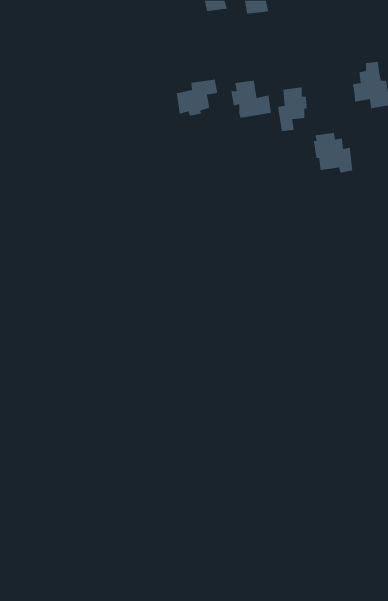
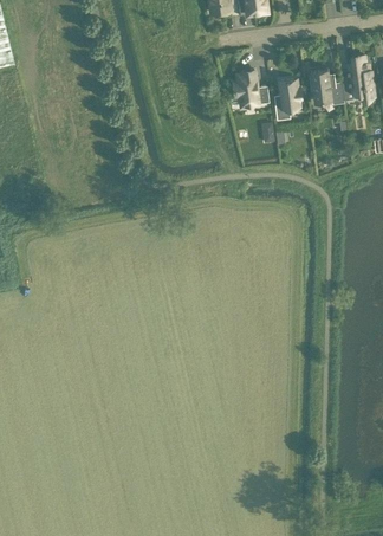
building: [176,79,218,116] -> none
building: [313,132,353,174] -> [307,66,343,103]

